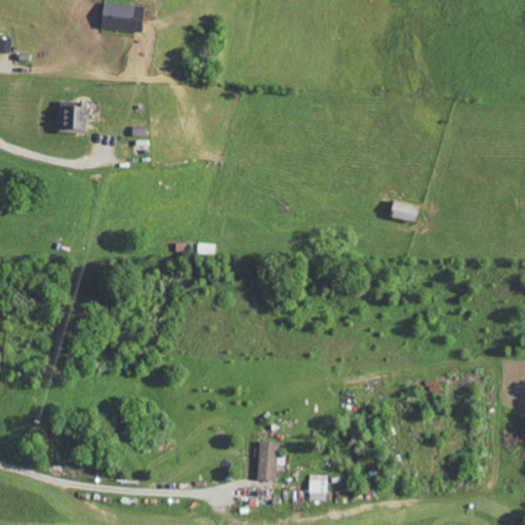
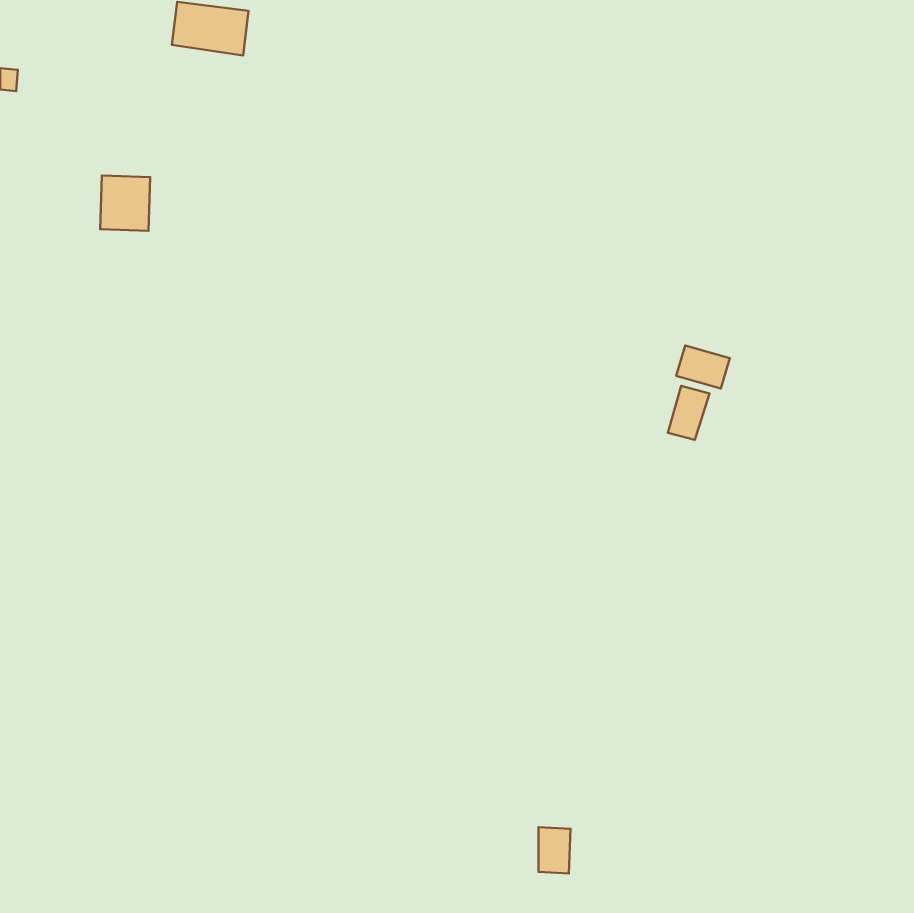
building: none -> [668,386,710,440]
building: [256,442,277,481] -> none

